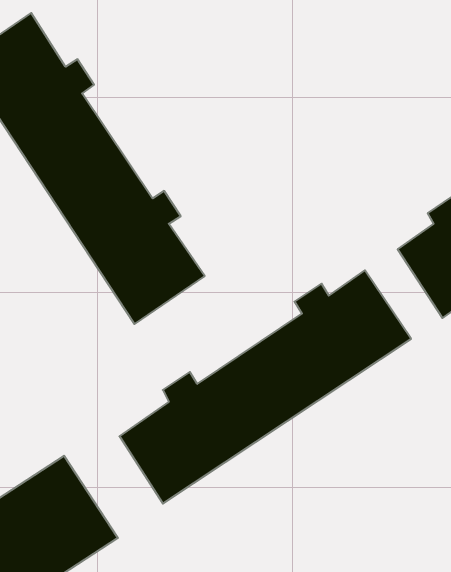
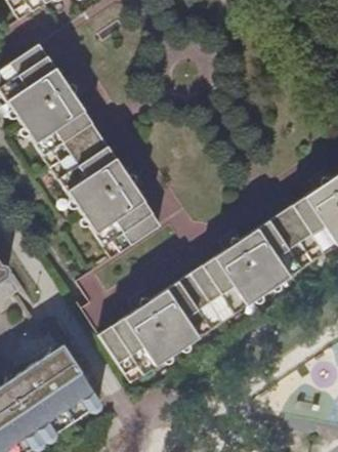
building: none -> [269,204,323,265]

